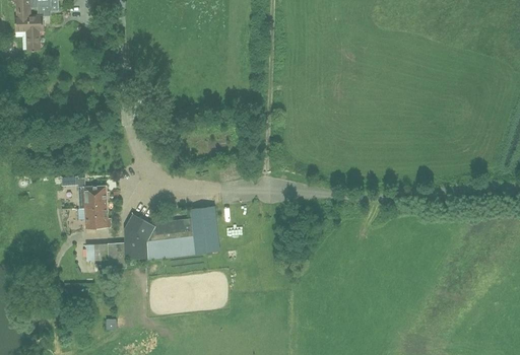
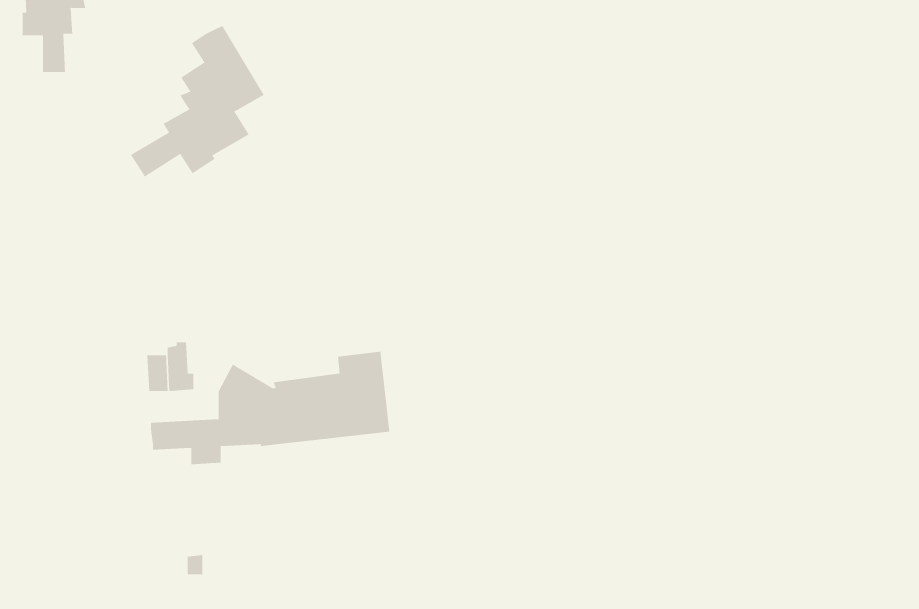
building: none -> [130,25,264,177]
building: [77,186,107,209] -> none

